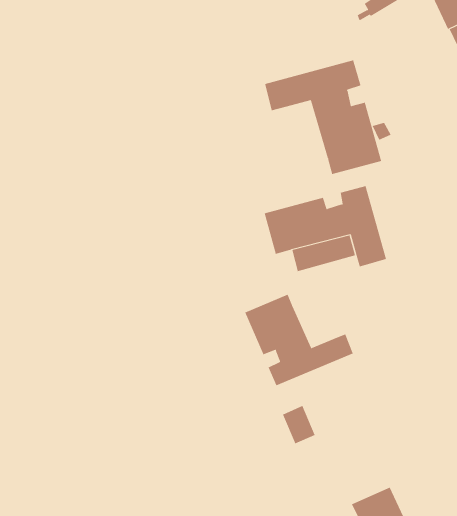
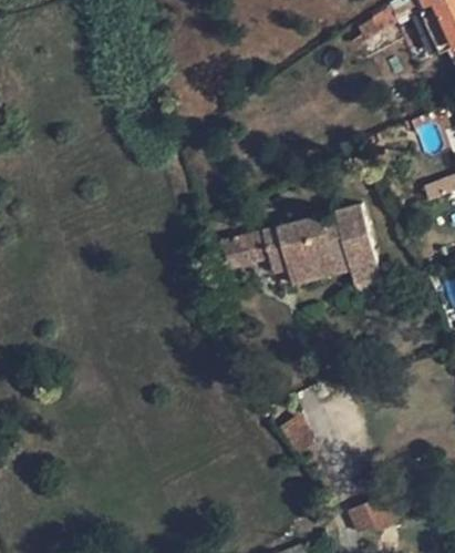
building: [264,60,382,175] -> none
building: [245,294,353,386] -> none

